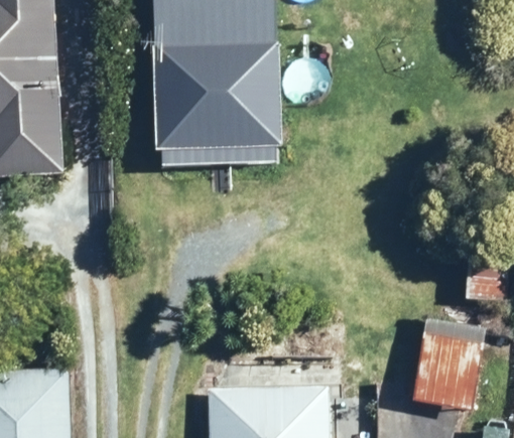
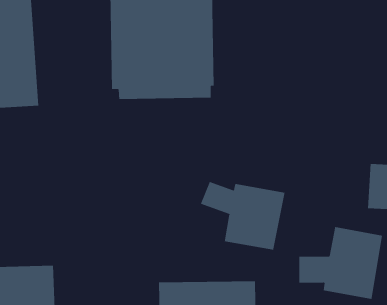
building: none -> [200,181,285,251]

